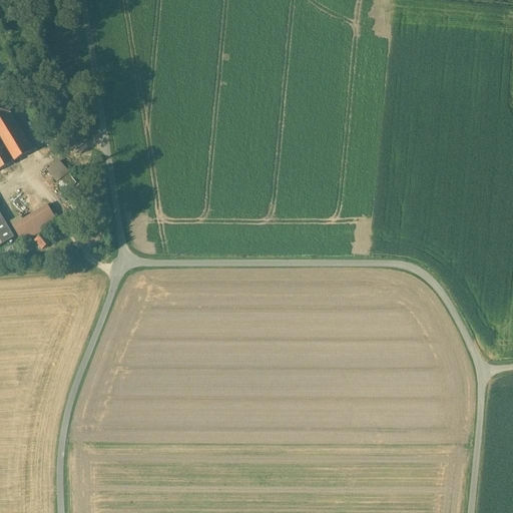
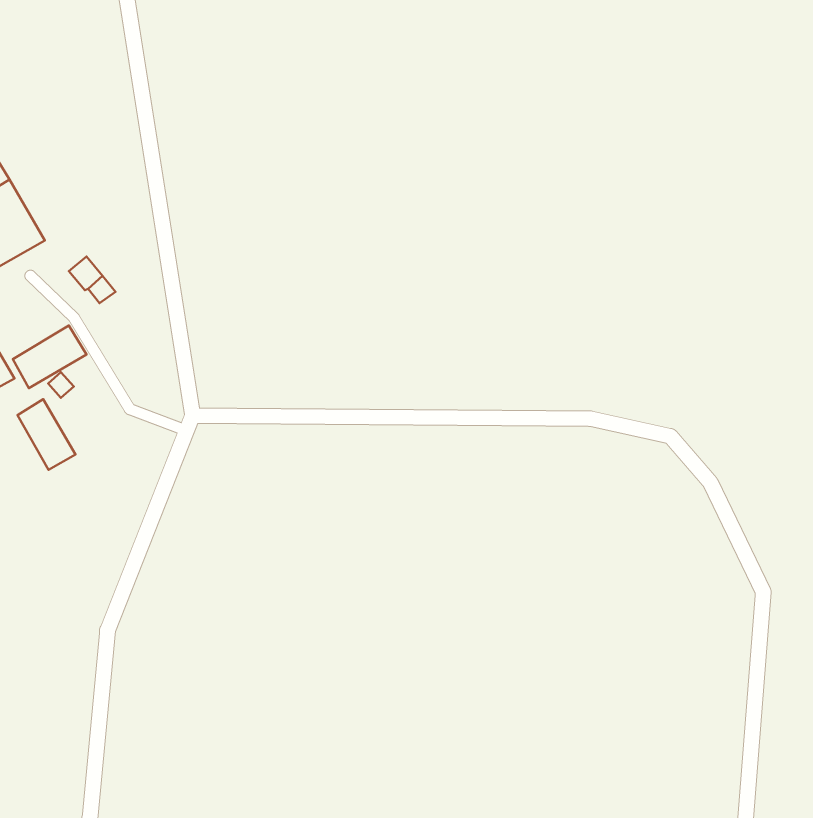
building: none -> [17,399,76,470]

